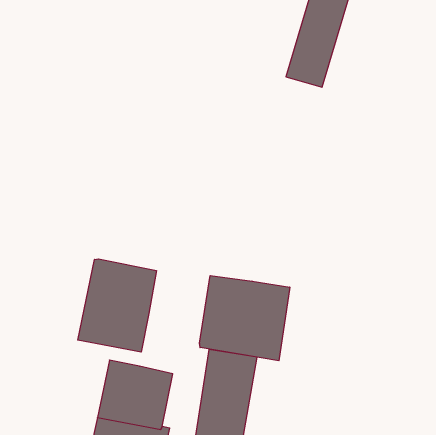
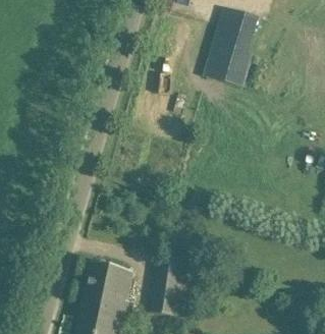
building: [78,259,156,352] -> none
building: [200,276,290,361] -> none

